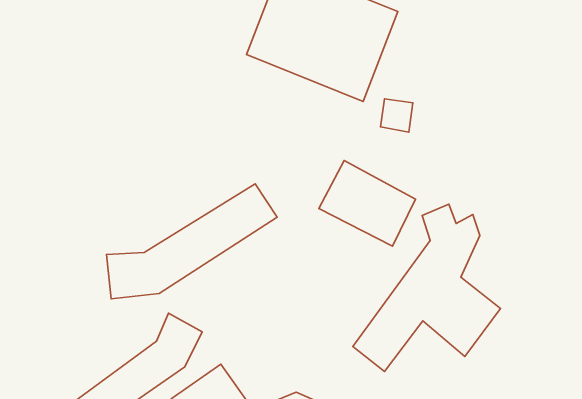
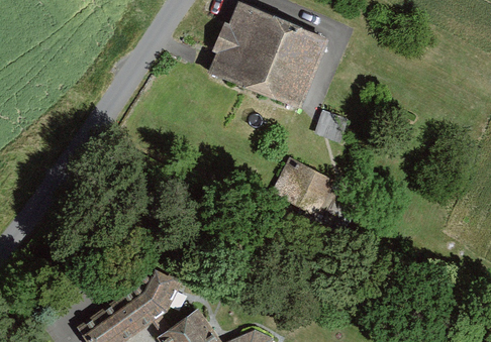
building: [106,184,277,299] -> none
building: [353,204,500,371] -> none

